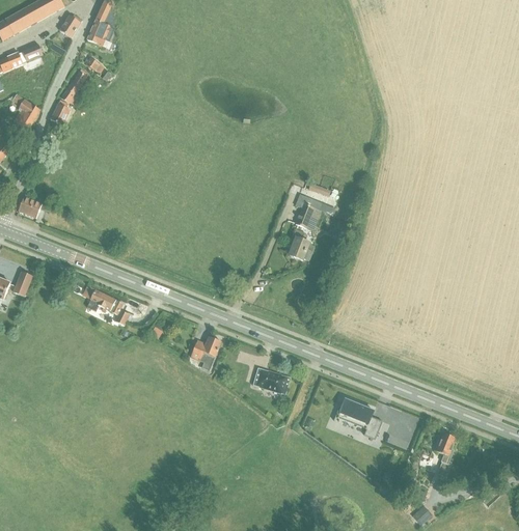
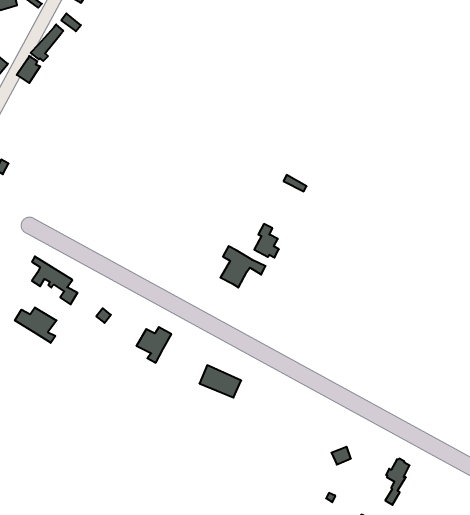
building: [295,193,335,230] -> [220,246,266,288]
building: none -> [15,307,57,343]
building: [337,397,382,438] -> none

